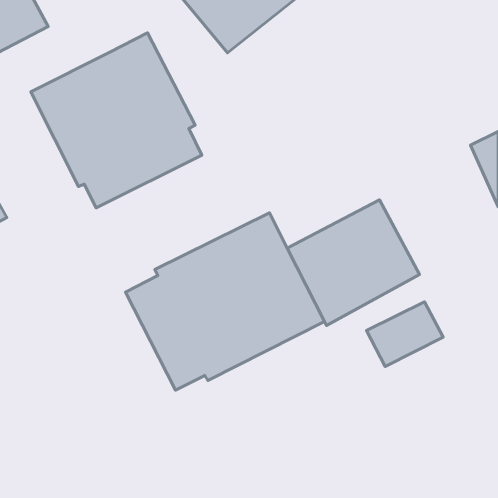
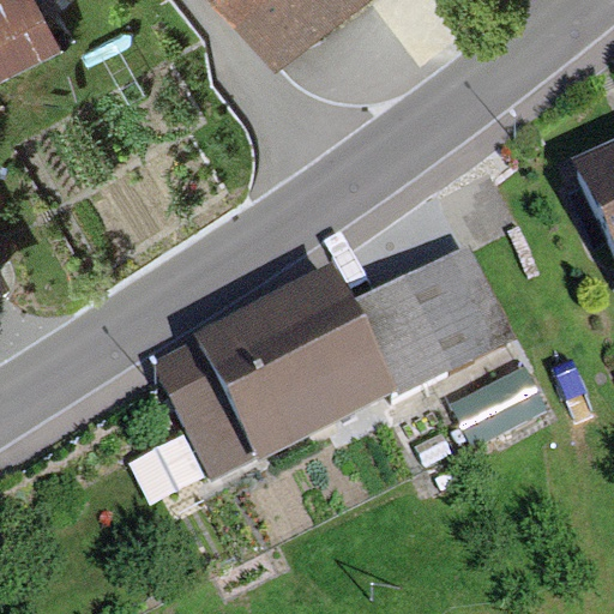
building: [31,33,202,208] -> none

